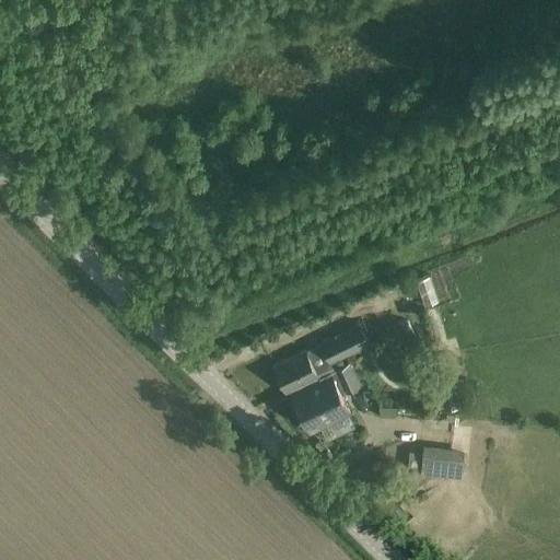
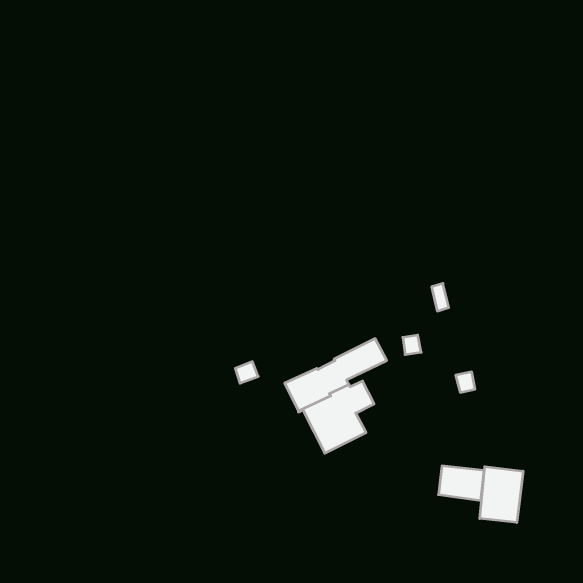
building: none -> [480,467,523,523]

